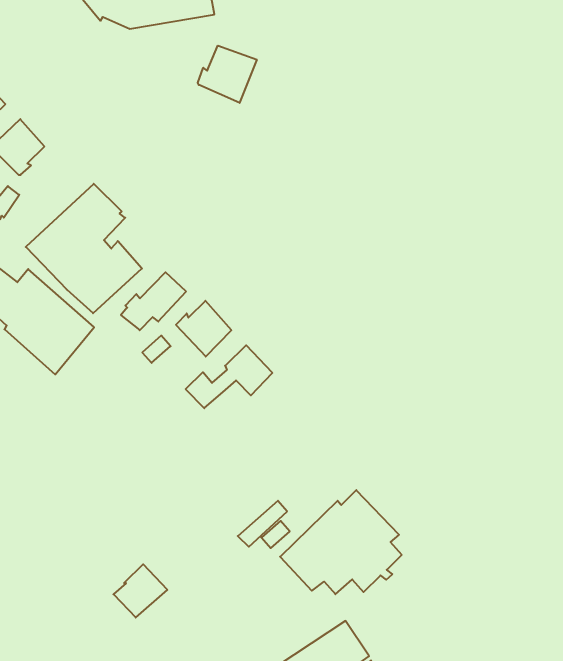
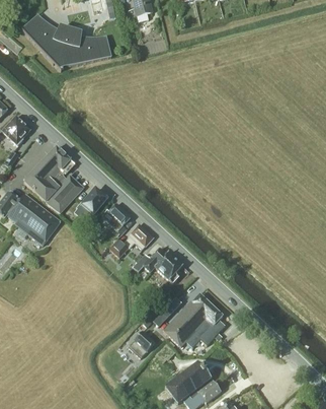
building: [198,46,257,103] -> none
building: none -> [133,248,183,283]
building: [113,564,167,618] -> [129,330,156,357]

